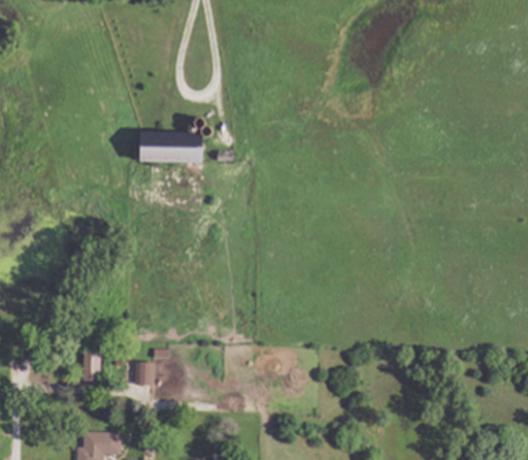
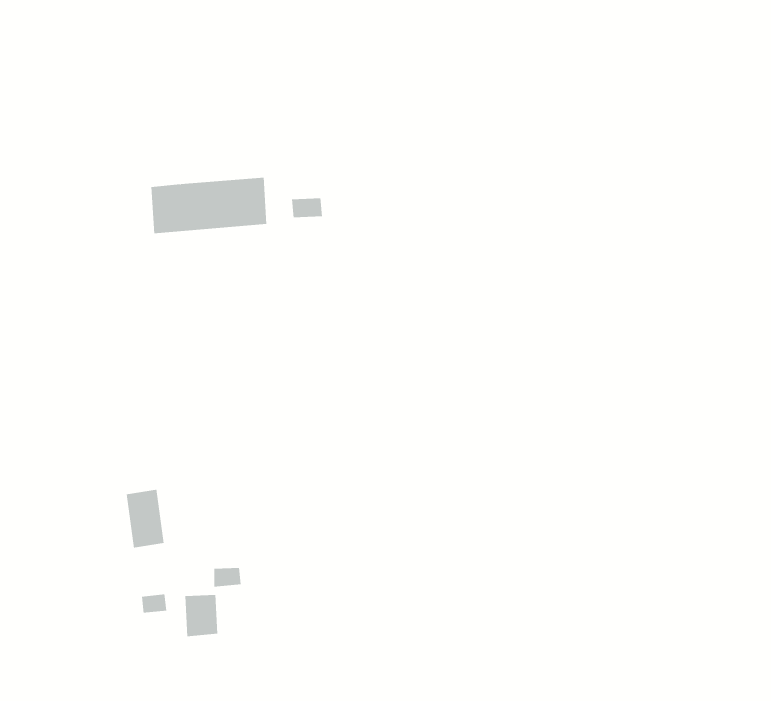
building: [78,351,97,382] -> [126,489,165,548]

